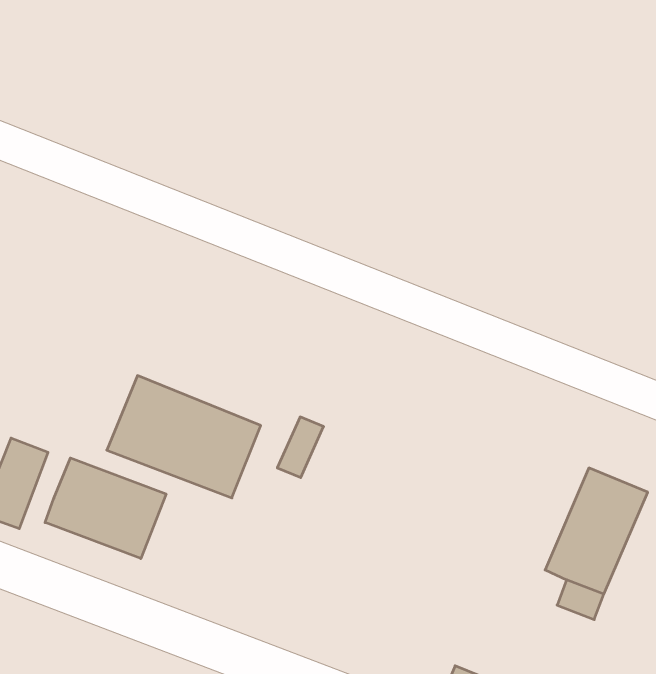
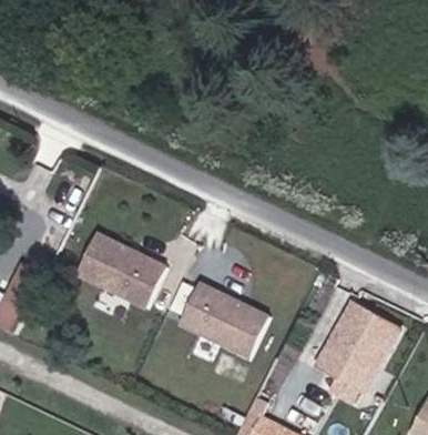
building: none -> [177,289,266,364]
building: [45,458,166,559] -> none

